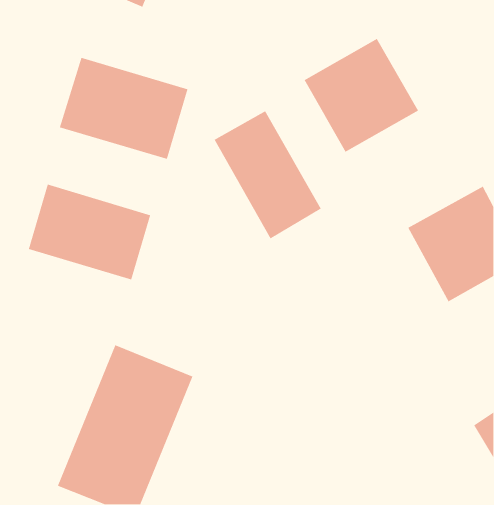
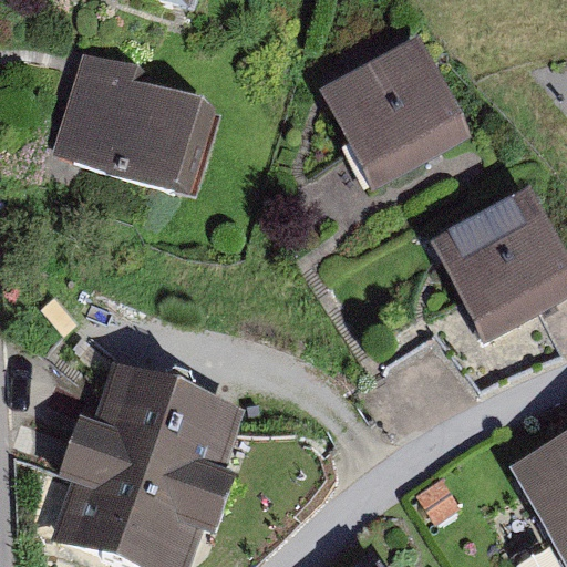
building: [214,110,322,239] -> none
building: [28,184,151,281] -> none

